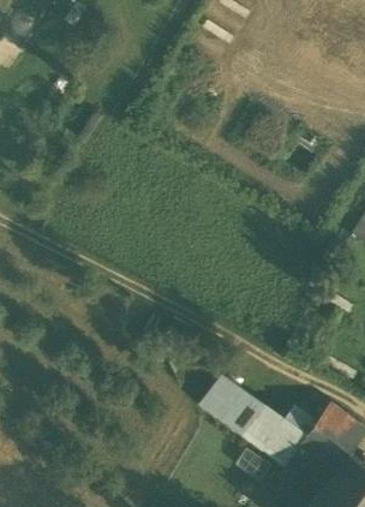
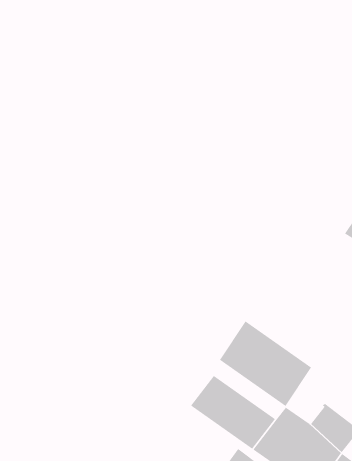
building: none -> [219,320,312,407]

